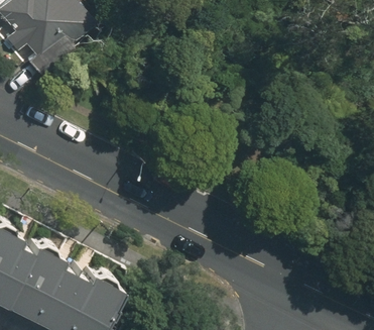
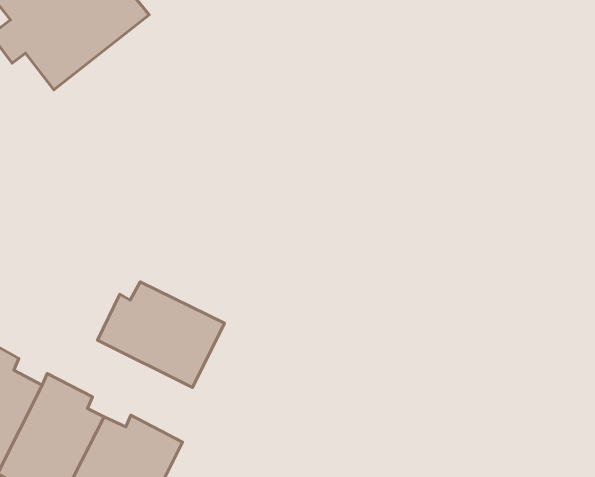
building: none -> [98,282,225,388]

